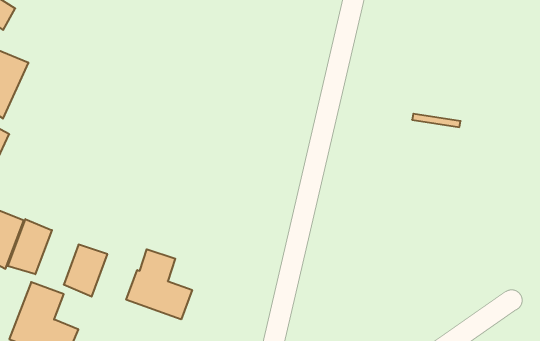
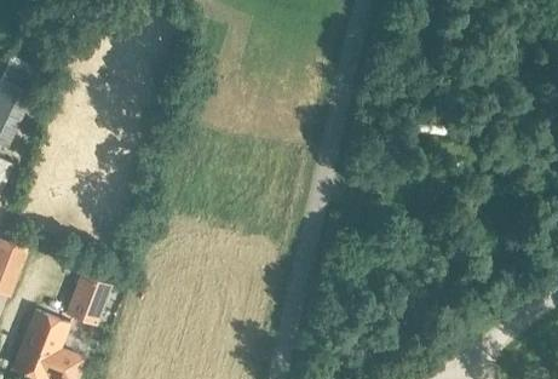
building: [8,219,52,274] -> none
building: [126,249,192,319] -> none

